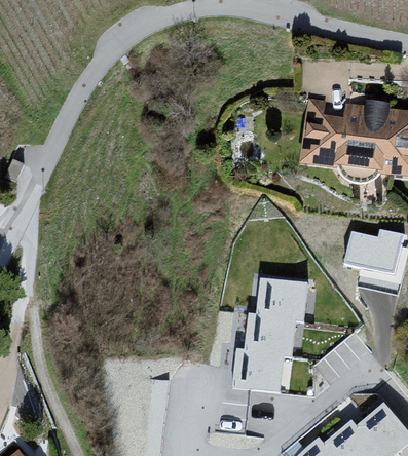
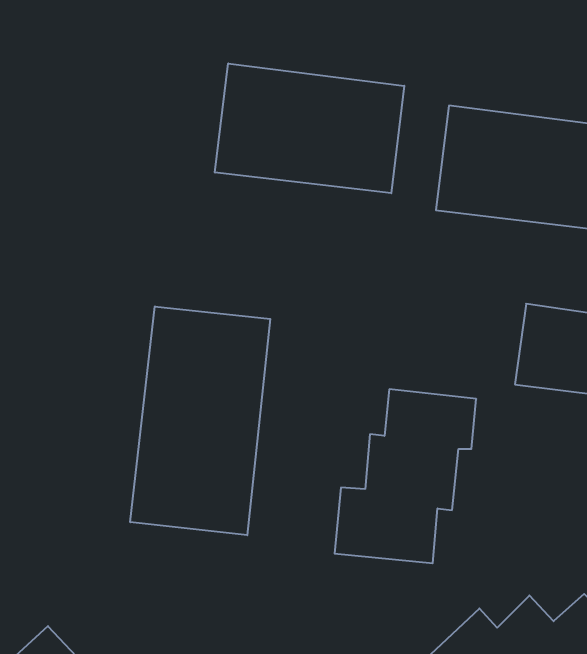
building: none -> [215,63,404,193]
building: none -> [130,306,270,535]

